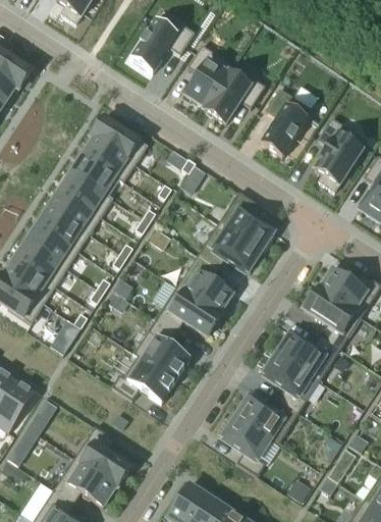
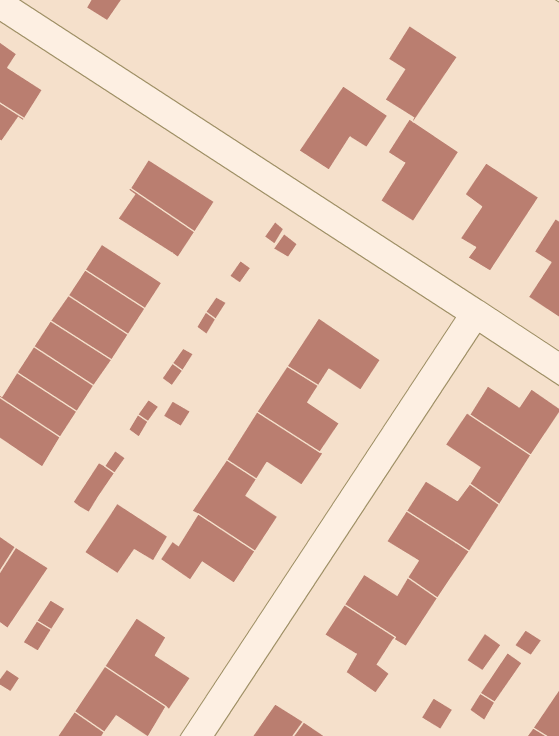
building: [129,18,195,72] -> none
building: [185,44,234,109] -> [385,26,457,122]
building: [71,155,119,196] -> none
building: [218,191,274,251] -> none
building: none -> [85,503,168,574]

